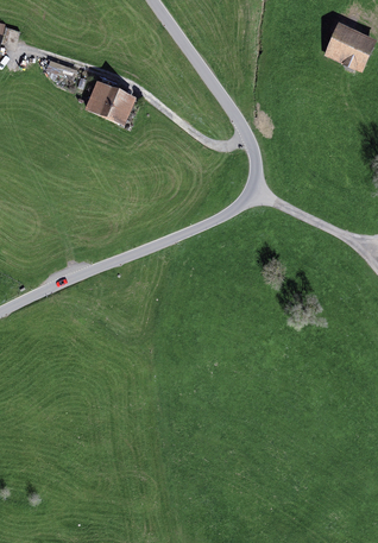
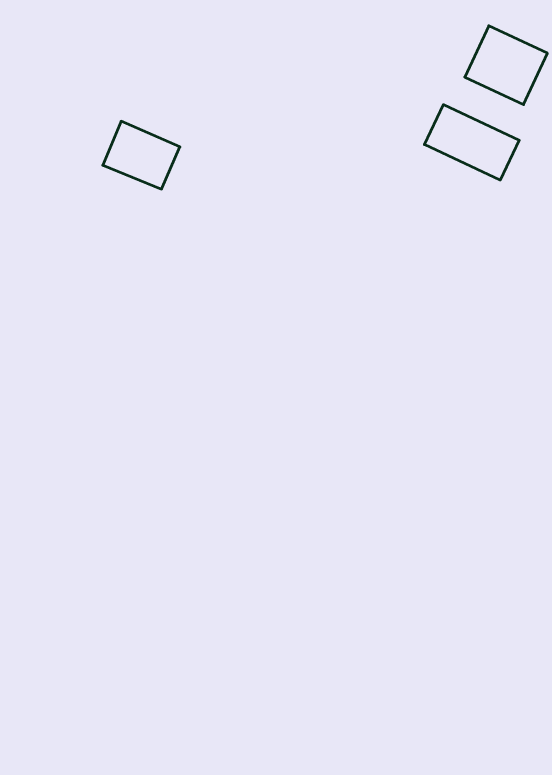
building: none -> [424,105,519,180]

